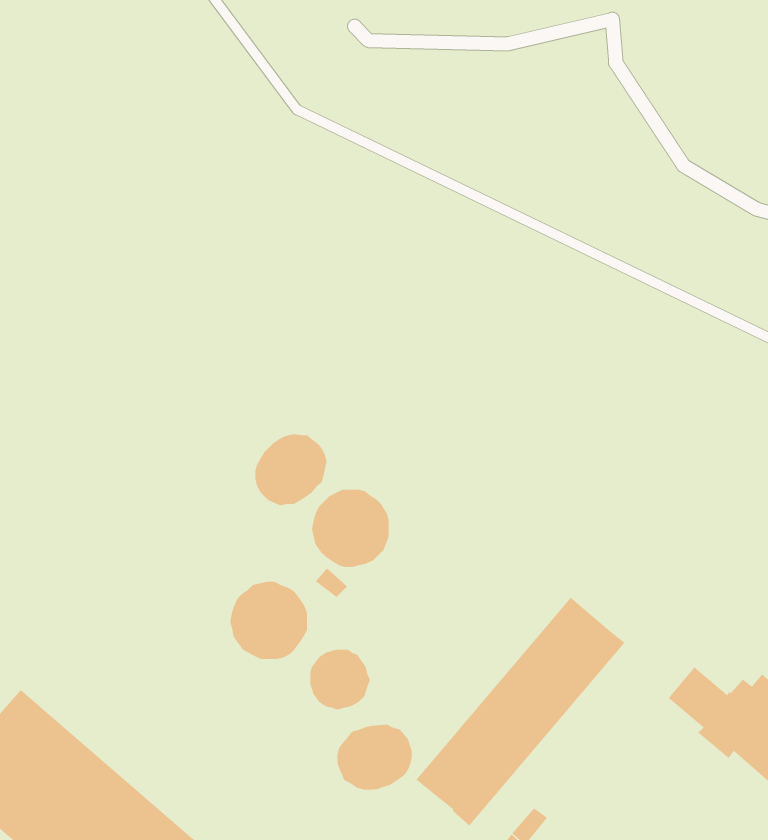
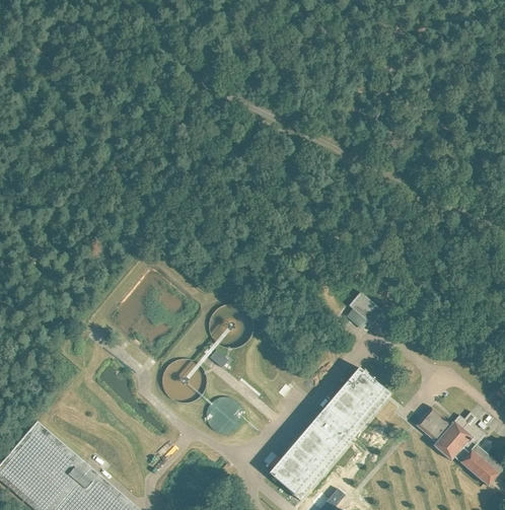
building: [255,434,327,506] -> none
building: none -> [348,291,383,325]
building: [337,724,412,791] -> none

